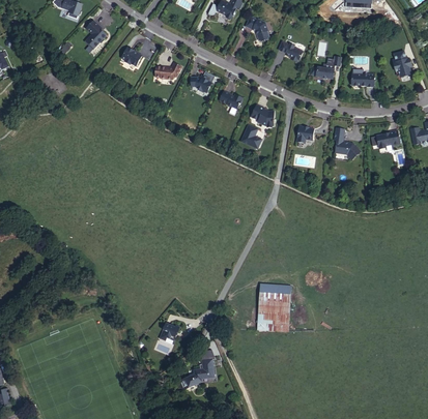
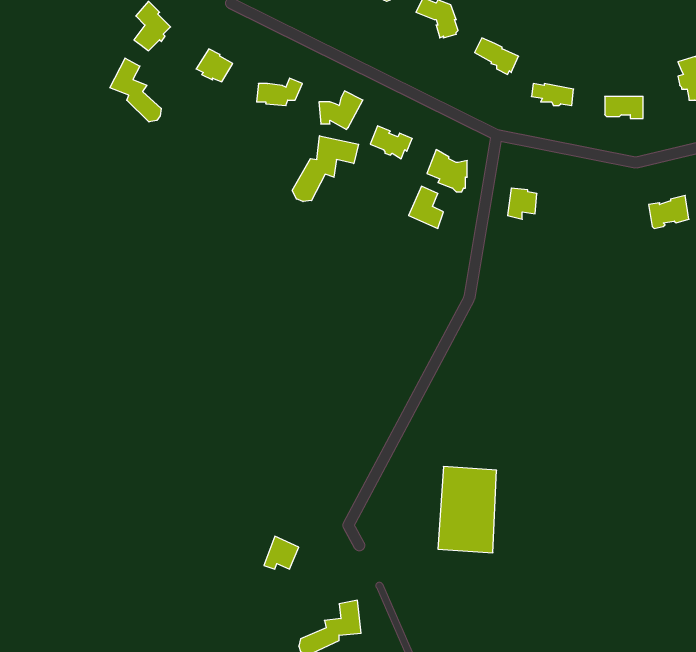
building: none -> [110,58,161,122]
building: none -> [292,136,359,202]
building: [335,127,361,159] -> none

